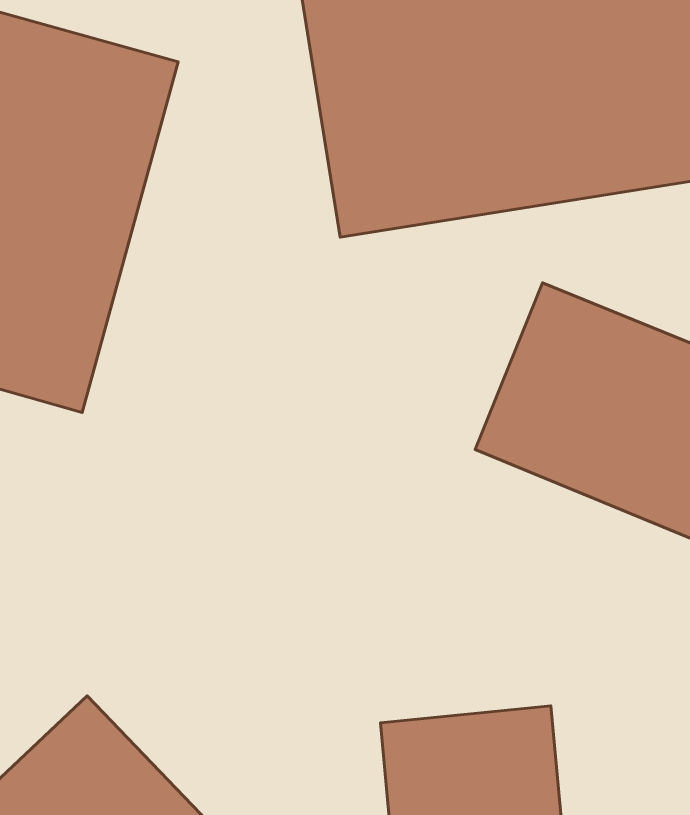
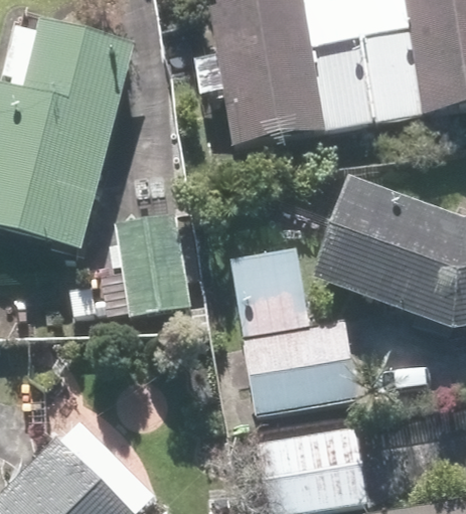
building: none -> [70,208,192,323]
building: none -> [230,250,358,416]

